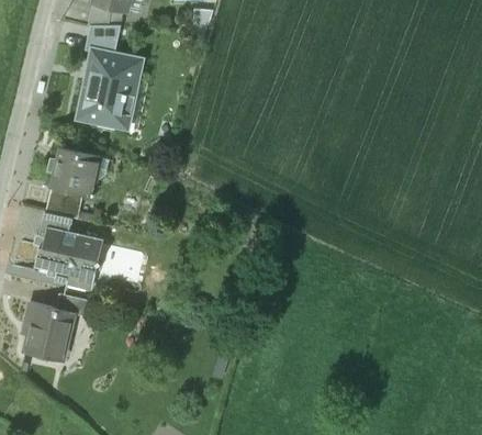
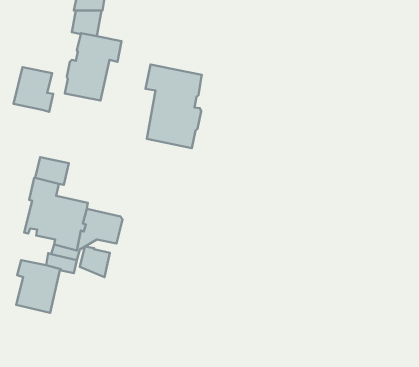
building: none -> [145,64,202,148]
building: [51,147,94,197] -> [13,67,53,112]
building: none -> [80,246,110,277]

